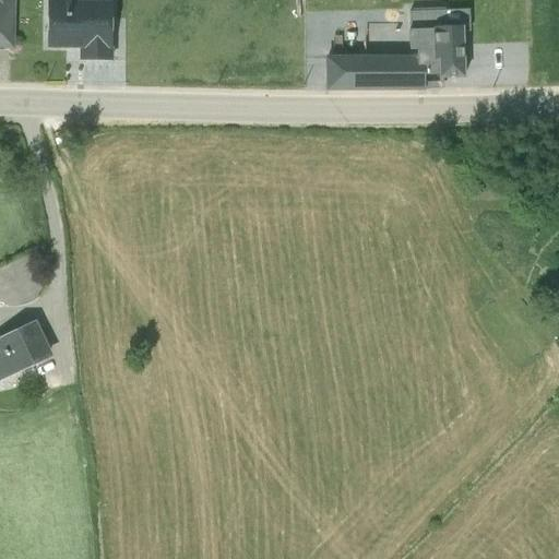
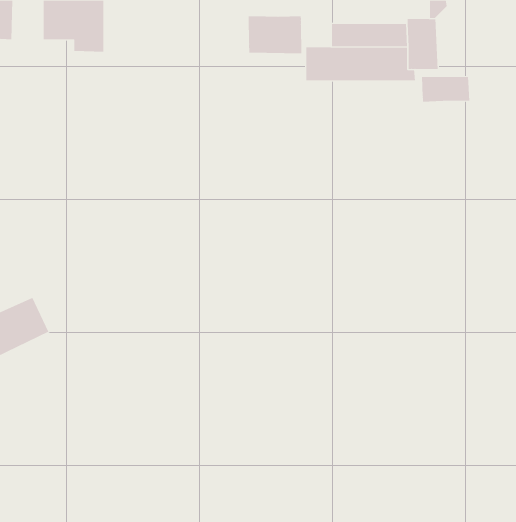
building: none -> [248,16,302,54]
building: none -> [421,76,470,102]

